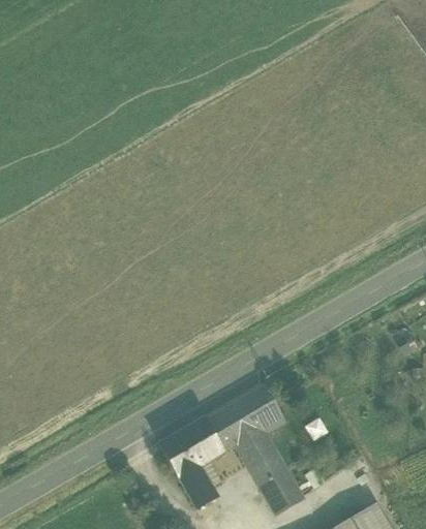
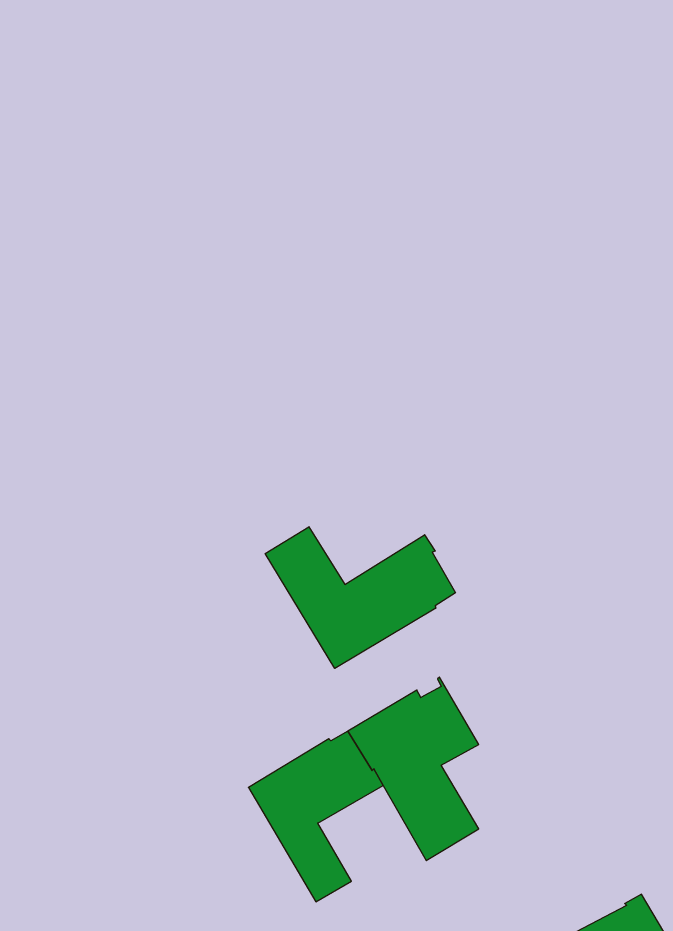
building: none -> [265,527,455,668]
building: [258,468,305,516] -> none

